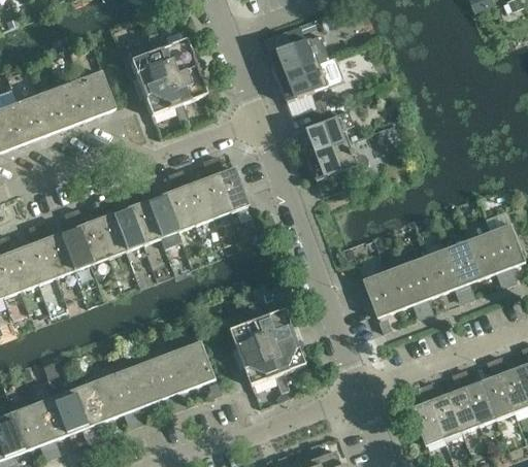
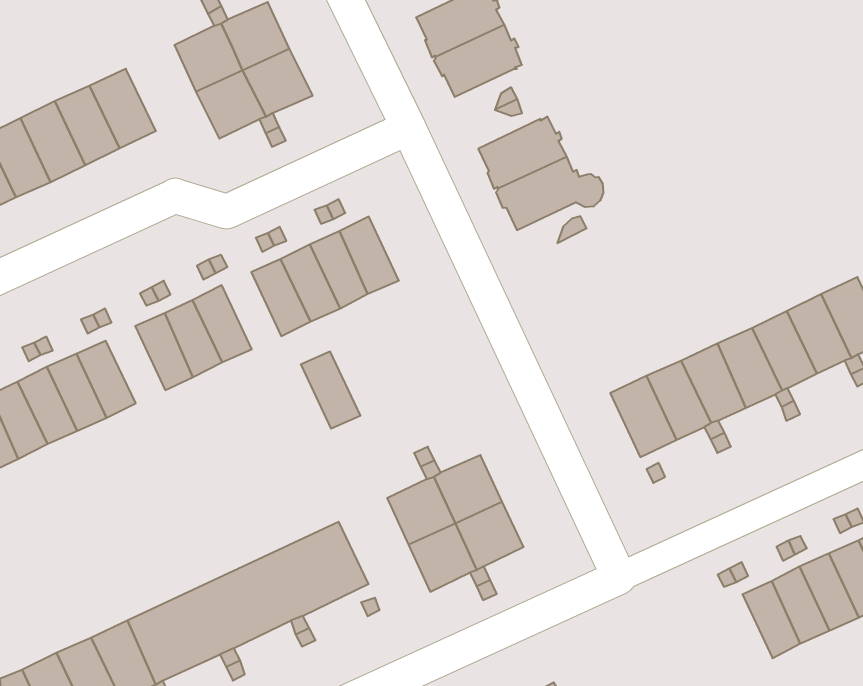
building: [145,193,177,237] -> [301,352,360,429]
building: [76,219,108,263] -> none
building: [412,400,446,444] -> none

